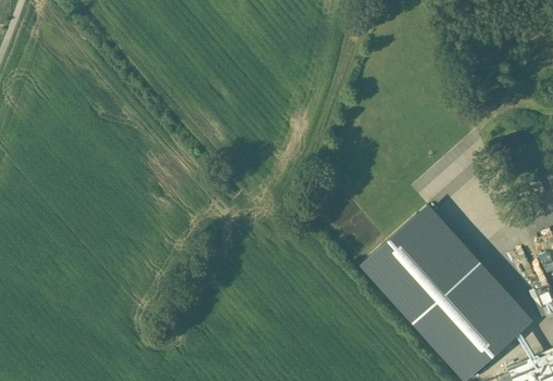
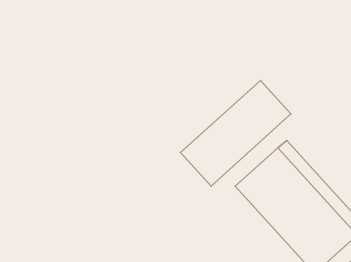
building: none -> [181,80,291,186]

